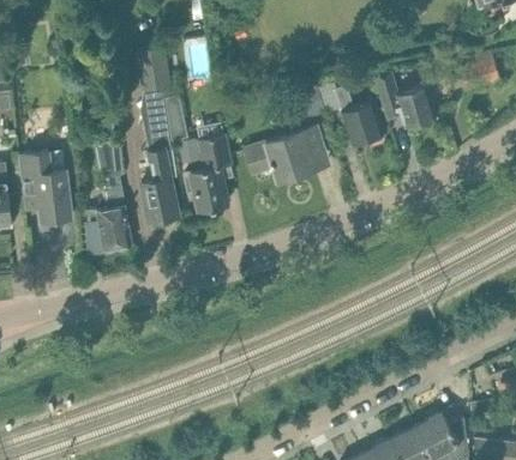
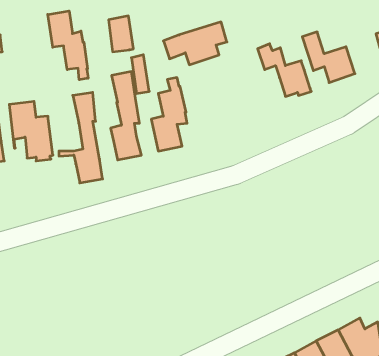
building: none -> [48,11,88,80]
building: [246,129,323,181] -> [163,22,227,65]

